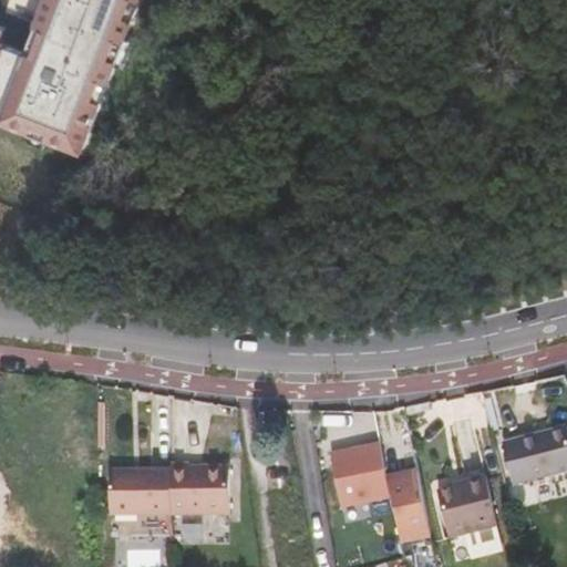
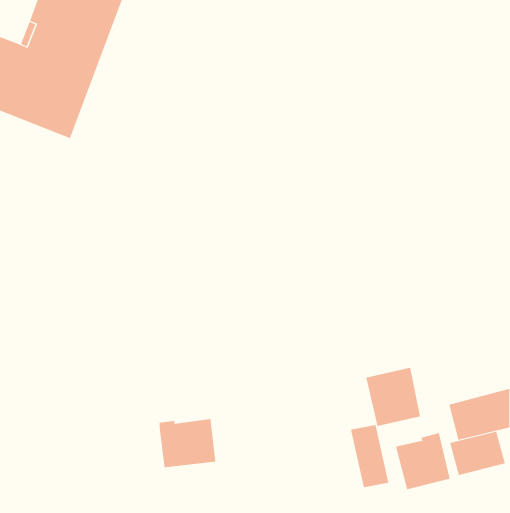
building: [328,440,389,505] -> [366,367,421,427]
building: [115,471,181,522] -> none
building: none -> [450,431,505,476]

